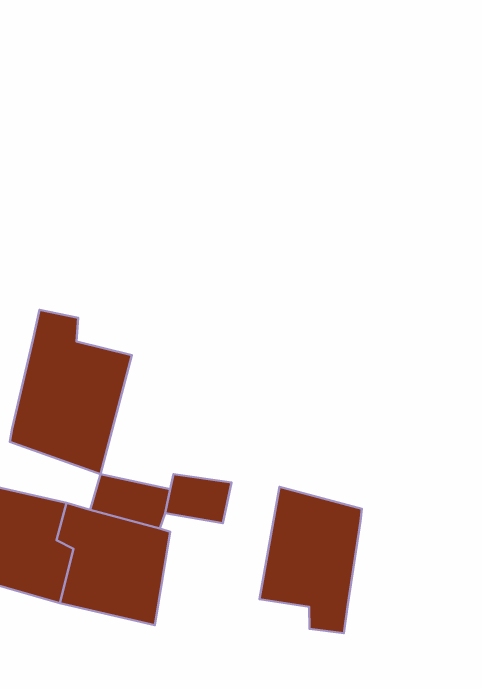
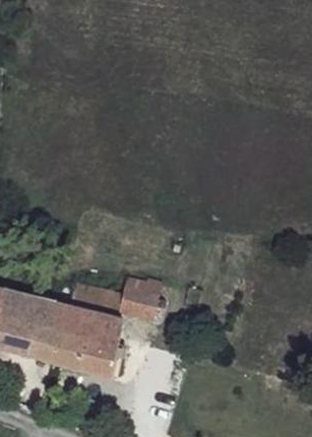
building: [10,310,132,474] -> none
building: [260,487,362,633] -> none

